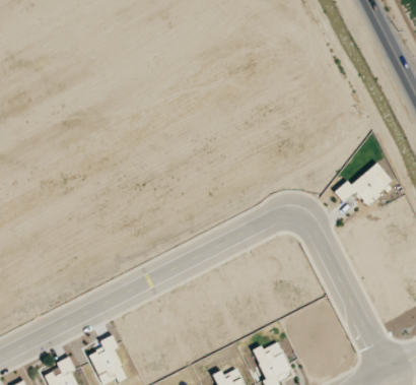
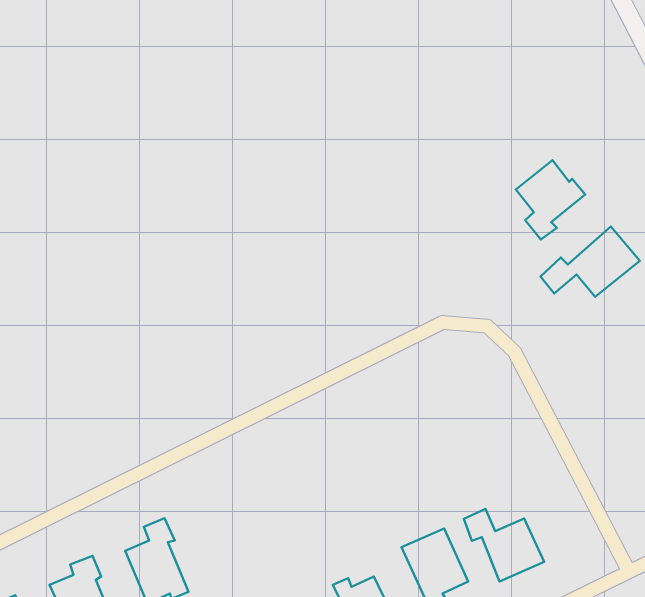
building: none -> [516,160,585,239]
building: none -> [464,509,544,581]

